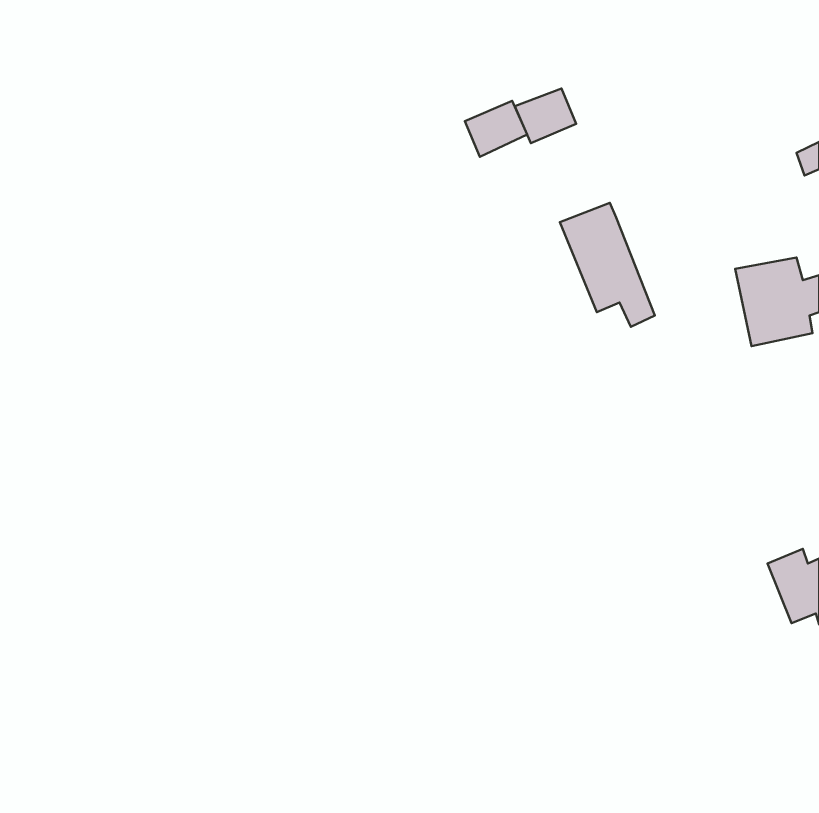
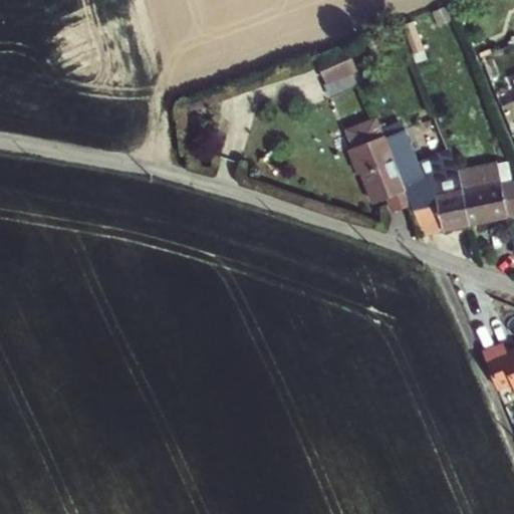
building: [465,101,527,157] -> none
building: none -> [384,134,469,228]

